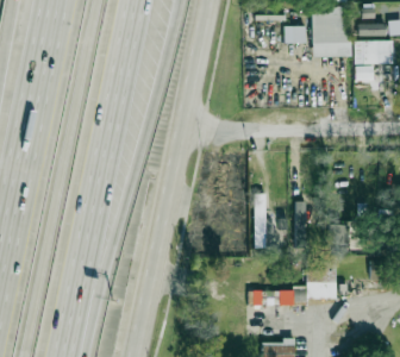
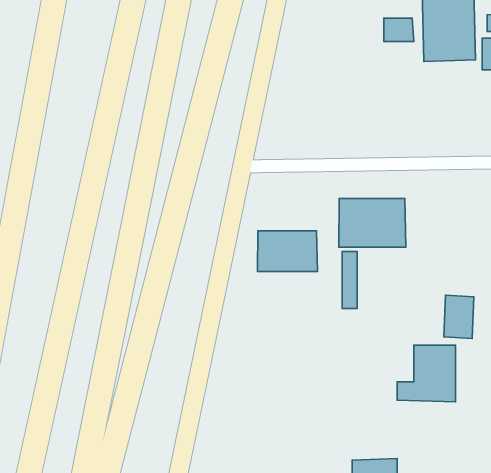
building: none -> [339,198,406,247]
building: none -> [257,231,318,271]

